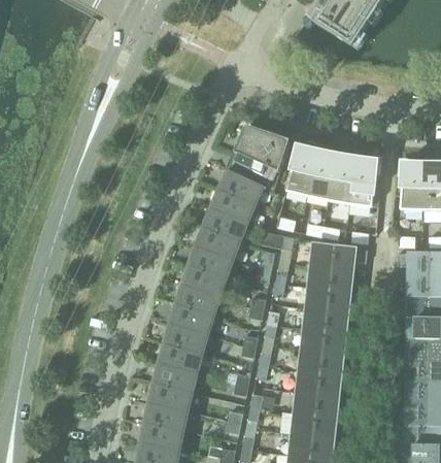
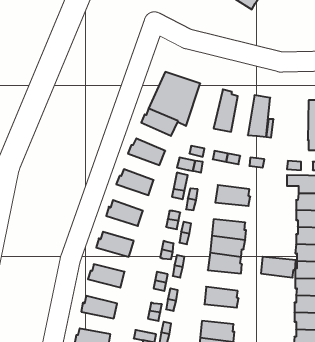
building: [286,144,318,195] -> none
building: [329,152,358,203] -> none
building: [401,159,425,209] -> none
building: [211,188,255,223] -> none
building: [196,226,240,259] -> none
building: [312,243,368,270] -> none
building: [182,264,227,297] -> none
building: [307,287,350,311] -> none
building: [170,303,213,334] -> none
building: [159,342,202,372] -> none
building: [298,370,341,396] -> [261,257,296,278]
building: [149,382,192,411] -> none
building: [293,412,336,437] -> none
building: [140,422,183,450] -> none

